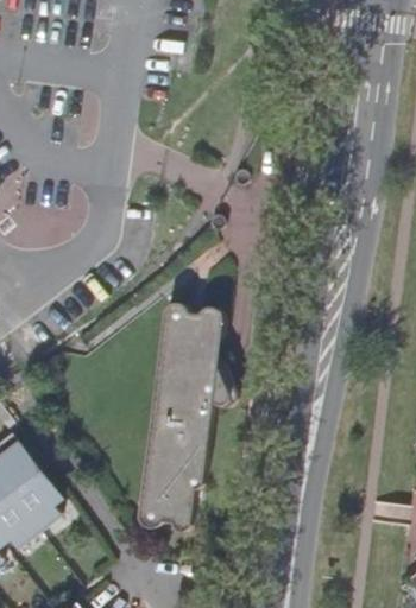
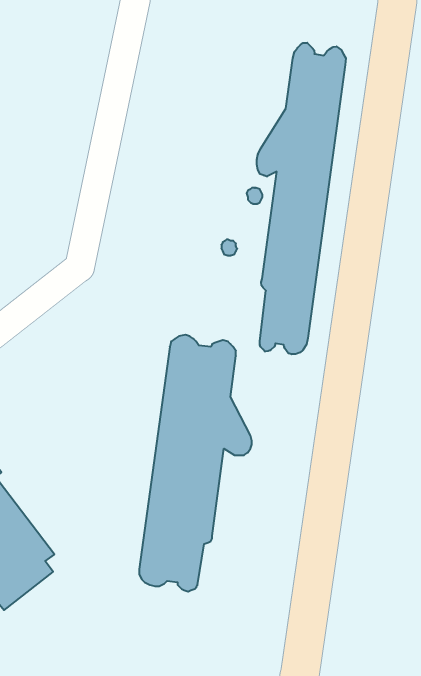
building: none -> [257,43,346,354]

